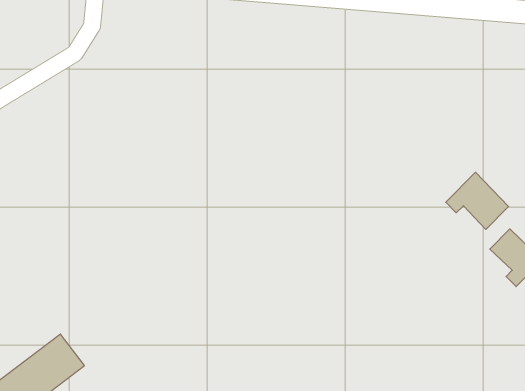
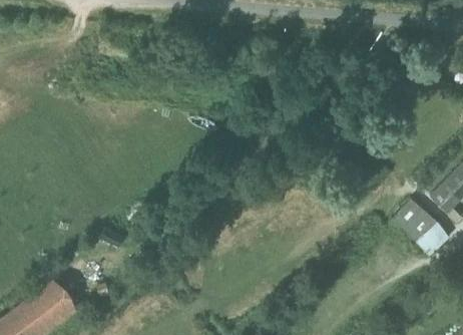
building: [446,172,509,229] -> none

